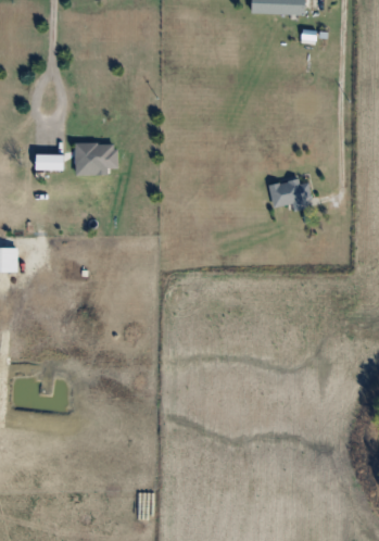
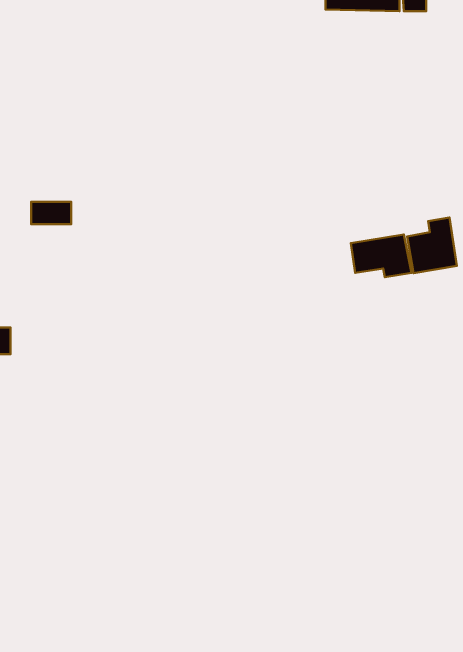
building: [74,142,116,167] -> none
building: none -> [407,218,457,273]

